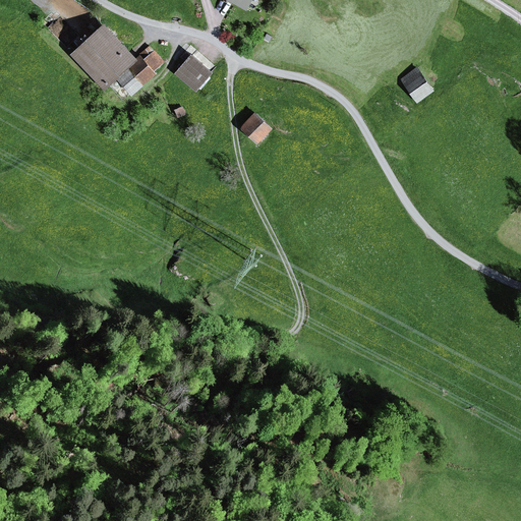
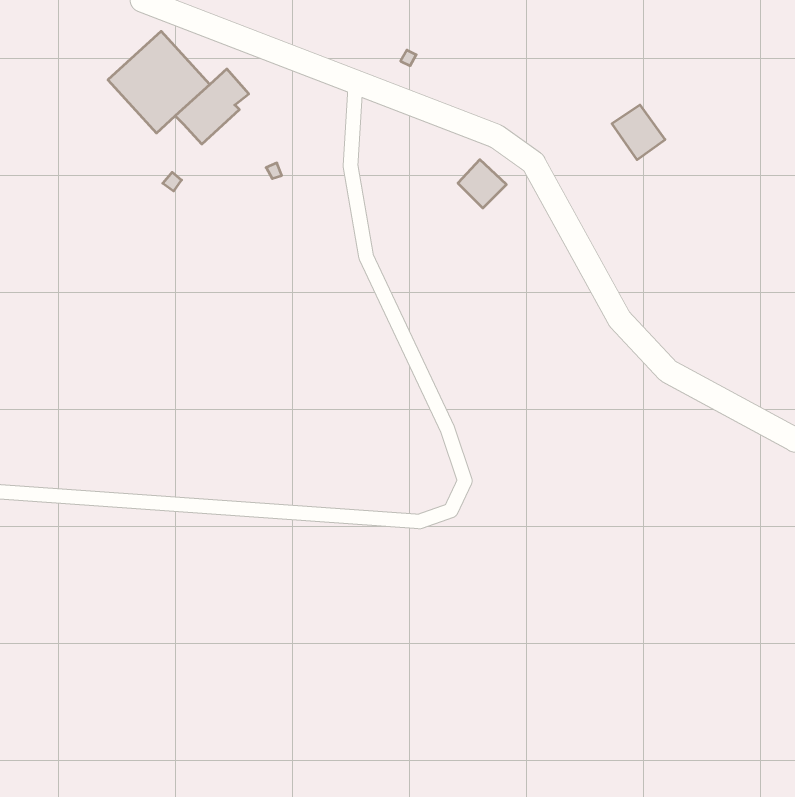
building: [174,54,213,92] -> none
building: [239,113,271,144] -> [458,160,506,208]

